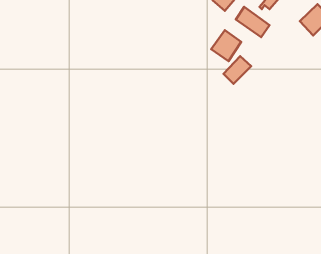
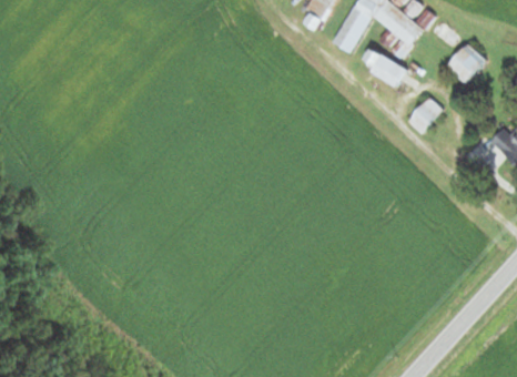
building: [211,30,241,61] -> none
building: [223,56,251,84] -> [406,96,443,133]

